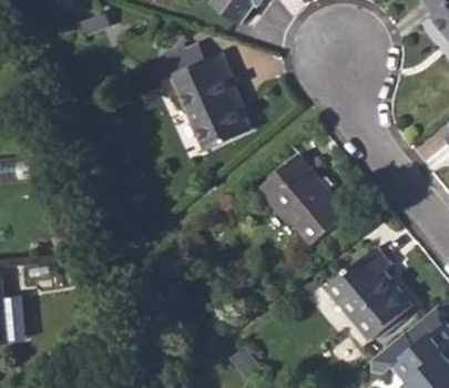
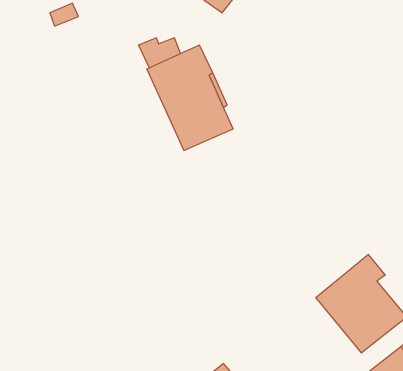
building: [257,154,348,245] -> none

